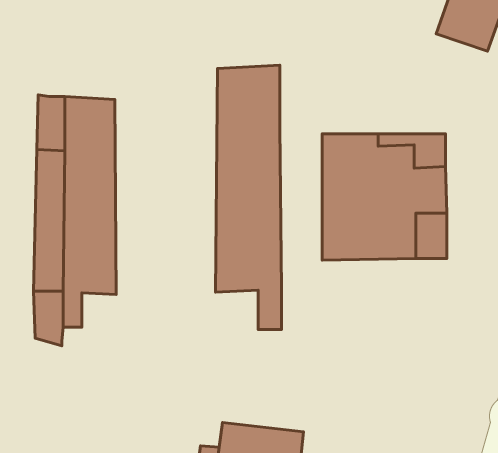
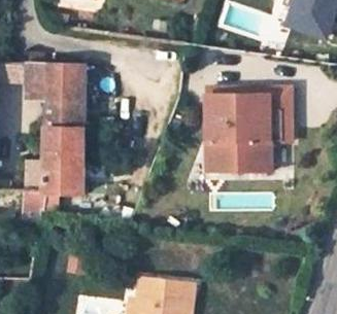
building: [216,65,282,330] -> none

